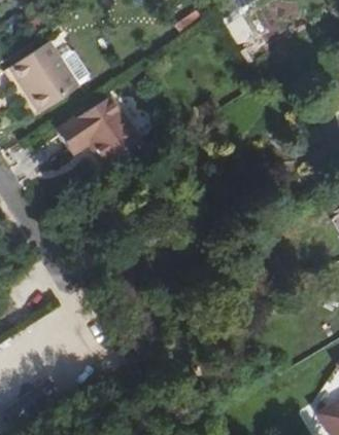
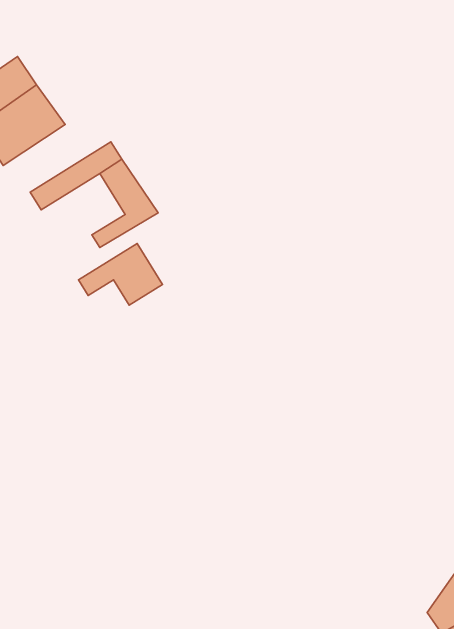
building: [63,118,117,158] -> [79,243,162,305]

